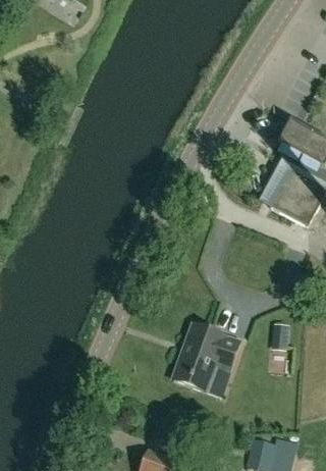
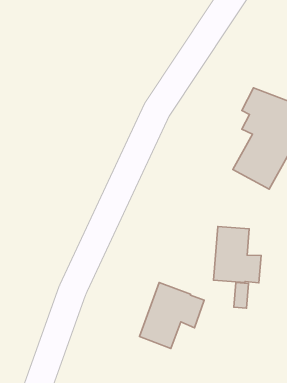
building: none -> [214,227,261,283]

